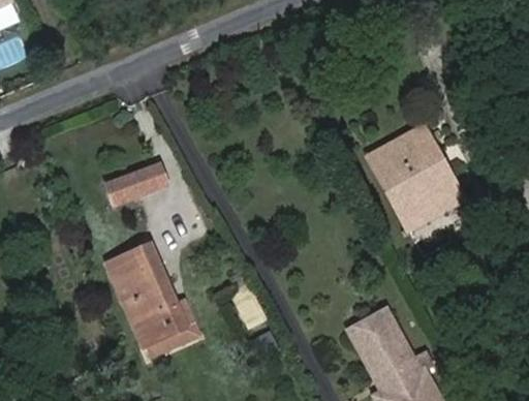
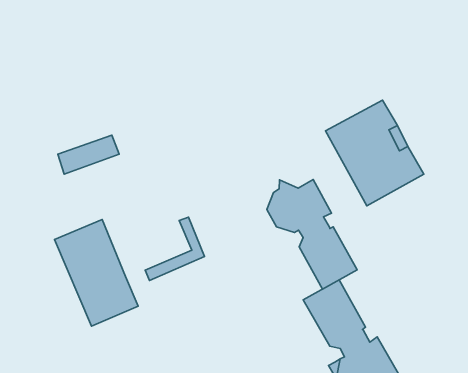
building: none -> [267,180,357,289]
building: [142,298,199,360] -> [145,217,205,281]

